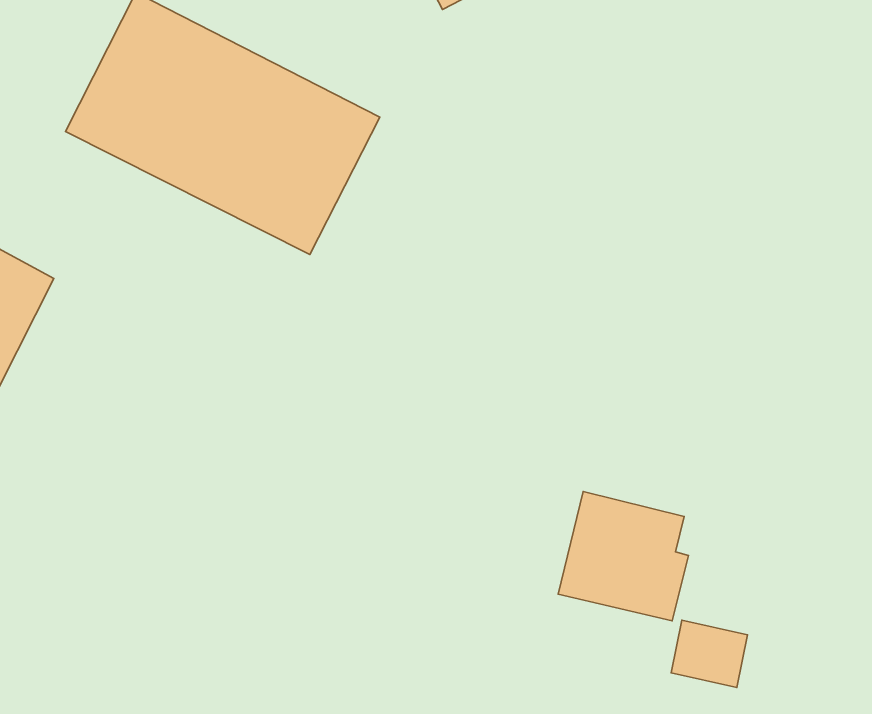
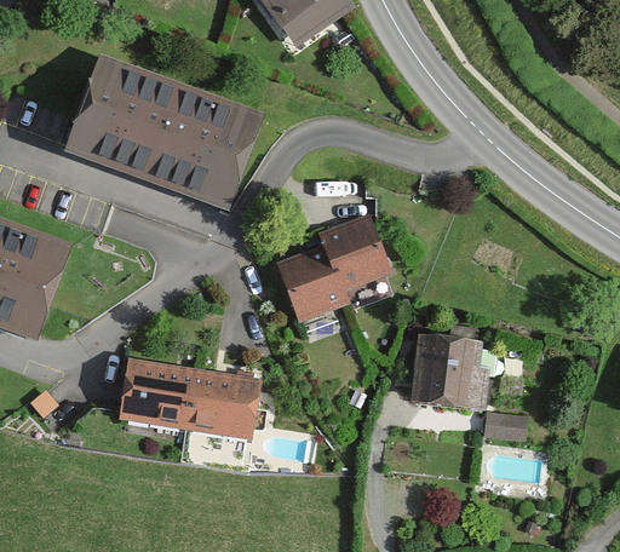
building: none -> [280,224,392,321]
building: none -> [117,357,259,437]

